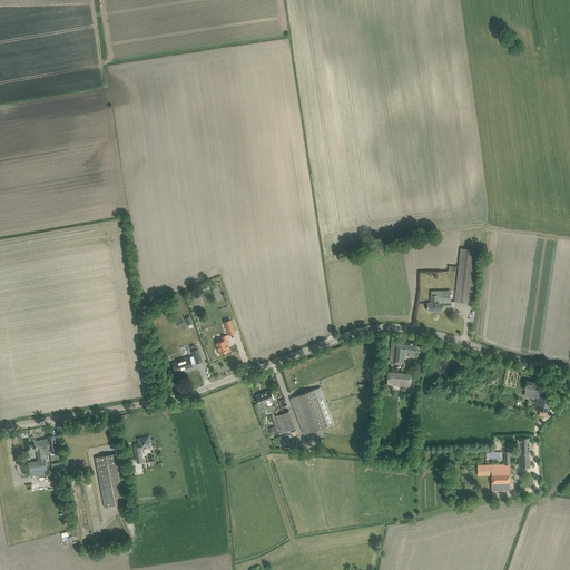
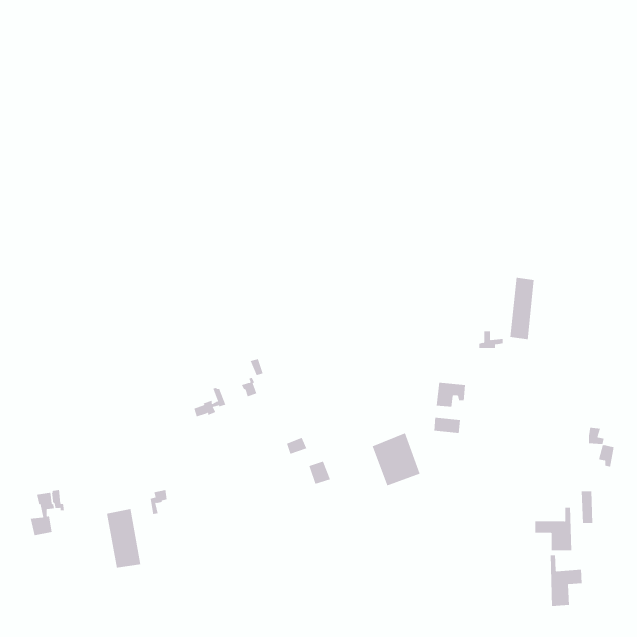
building: [289,387,333,435] -> [372,433,420,486]
building: none -> [550,554,582,607]

